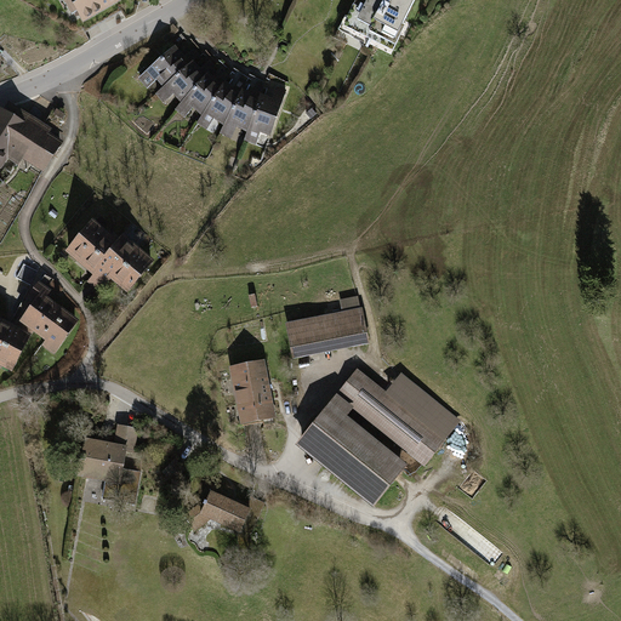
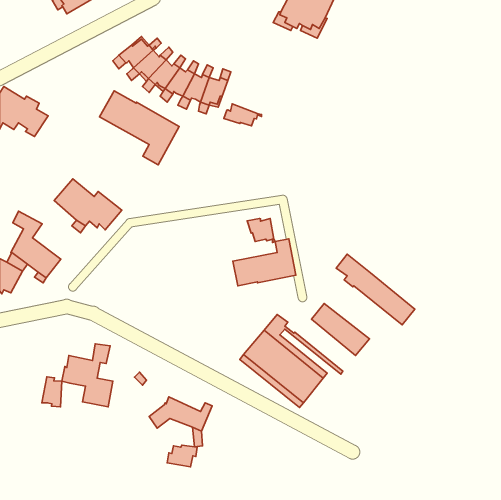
building: none -> [100,91,179,165]
building: none -> [224,104,262,126]
building: none -> [247,218,275,243]
building: [232,363,272,417] -> none
building: [342,371,439,458] -> [336,254,415,325]
building: none -> [42,377,62,407]
building: none -> [167,445,197,467]

